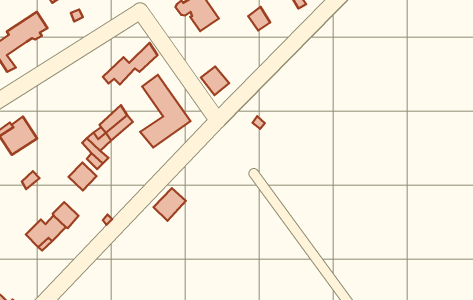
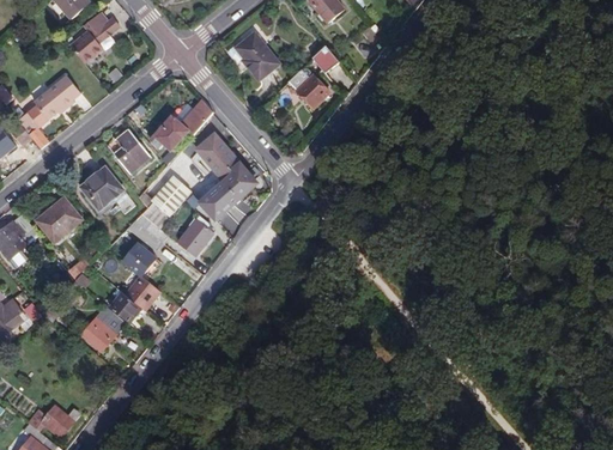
building: none -> [113,133,145,174]
building: [201,66,229,95] -> [296,74,329,108]
building: none -> [79,169,122,211]
building: [153,188,186,221] -> [176,219,213,257]
building: none -> [125,276,159,311]

